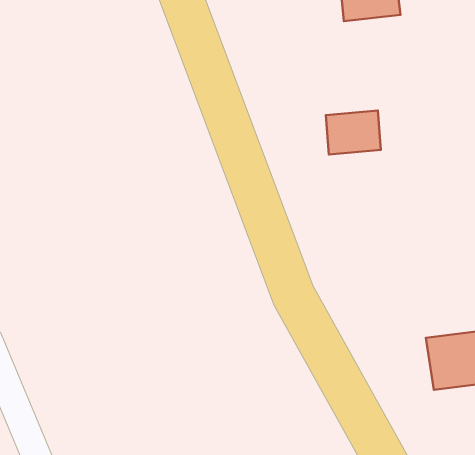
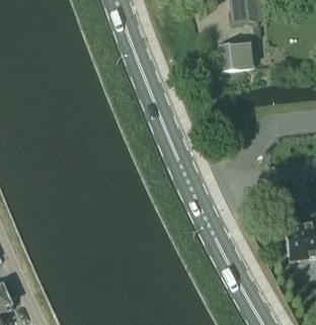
building: [326,110,381,155] -> [218,43,253,71]

